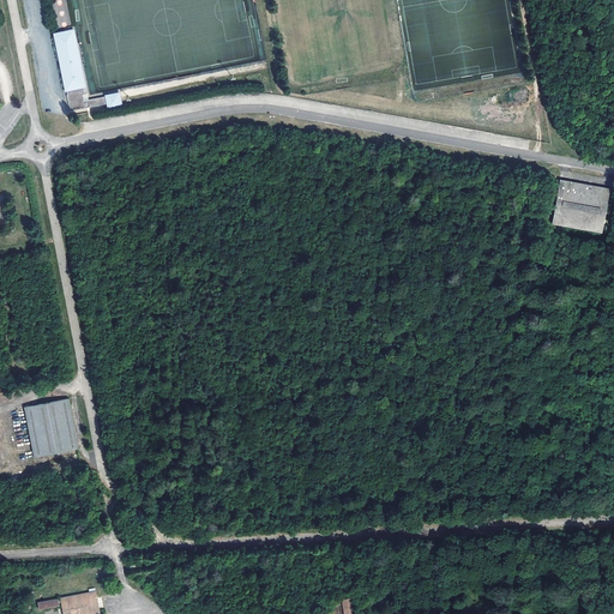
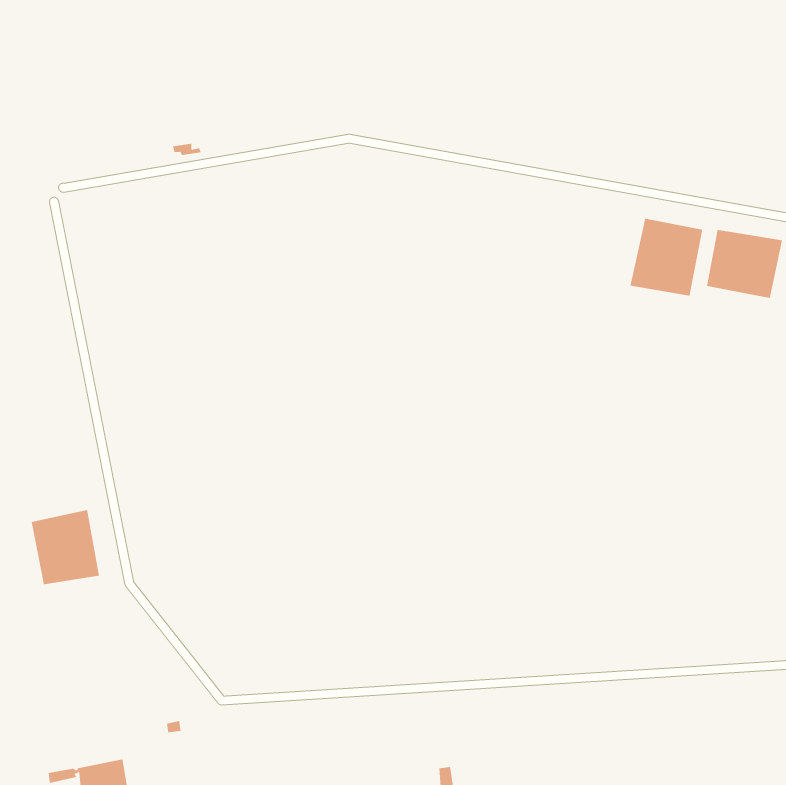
building: [55,32,120,112] -> none
building: none -> [630,218,703,297]

